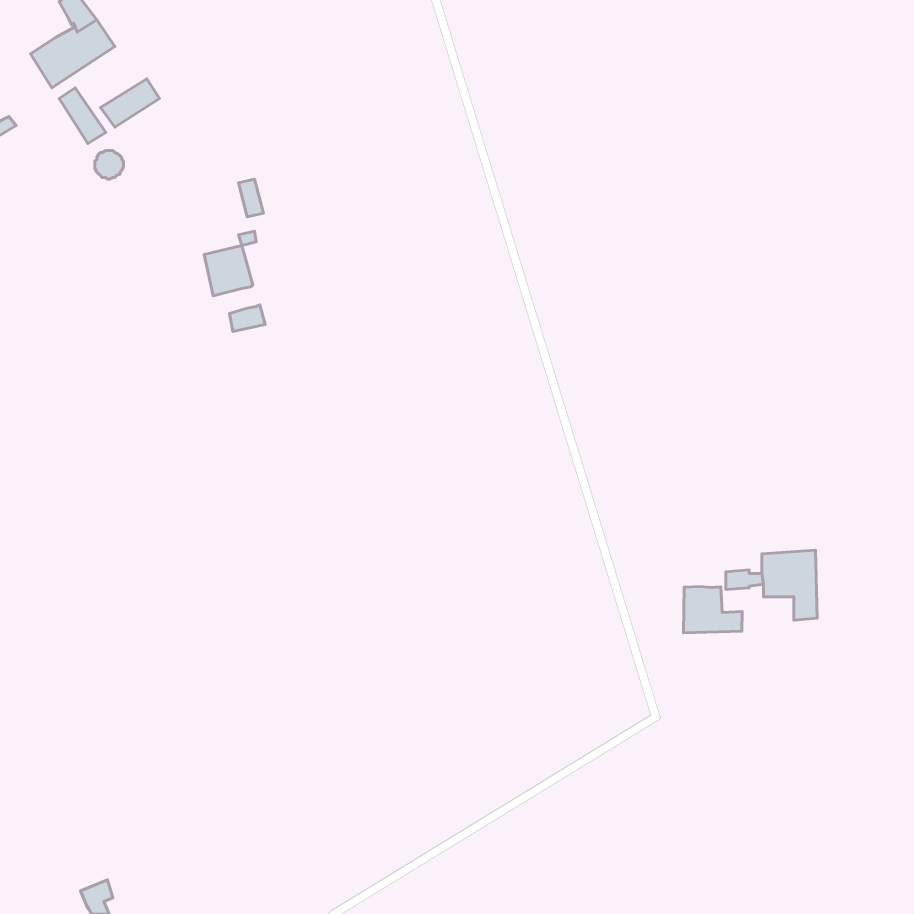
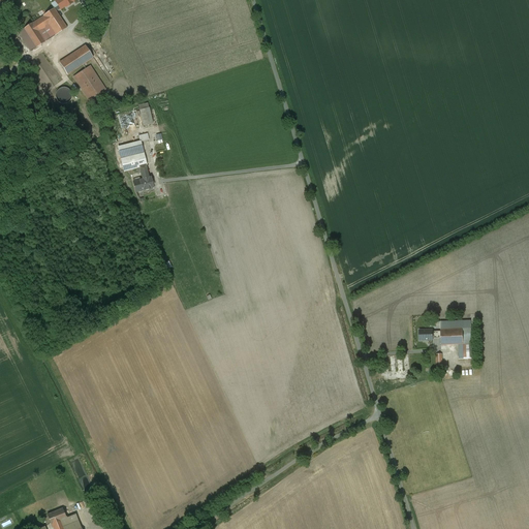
building: none -> [72,65,104,99]
building: [683,586,742,633] -> none

